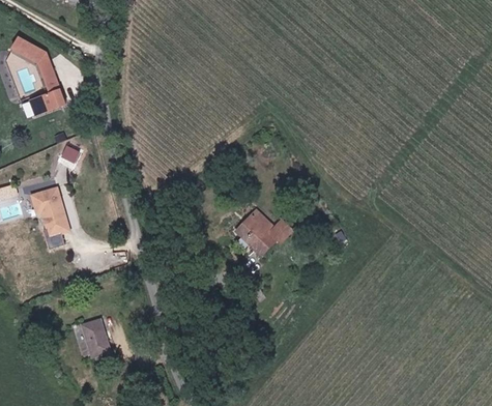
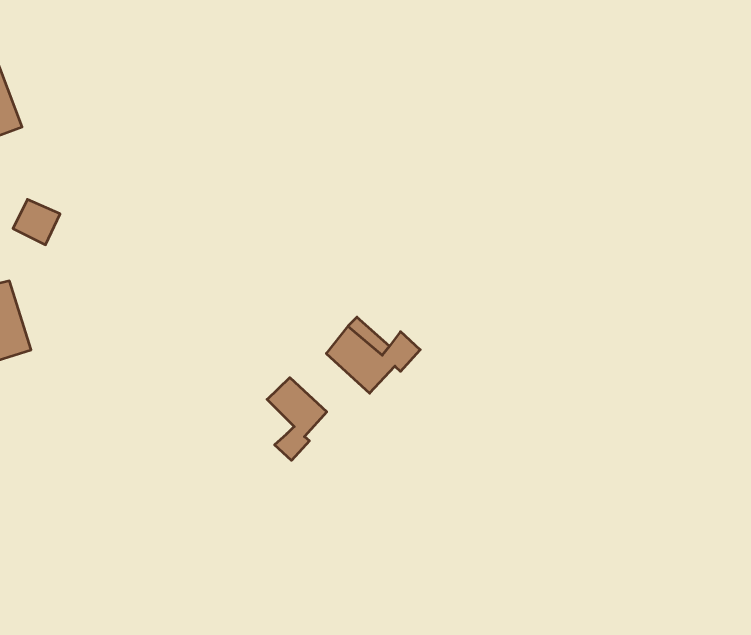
building: none -> [267,378,327,460]
building: [81,319,108,356] -> none

